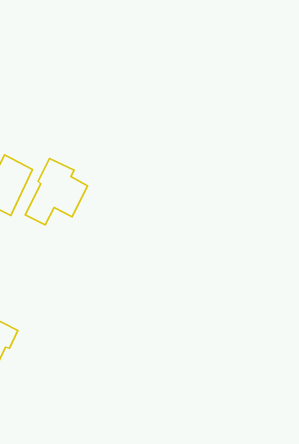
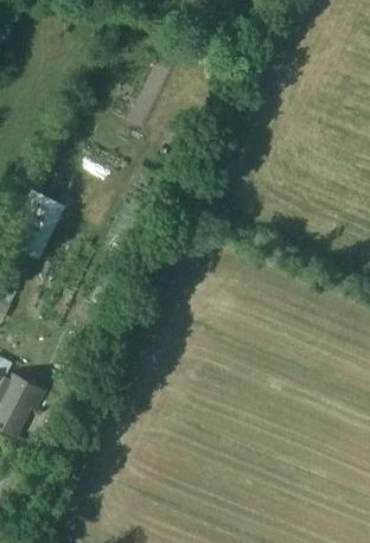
building: [25,159,88,225] -> none

